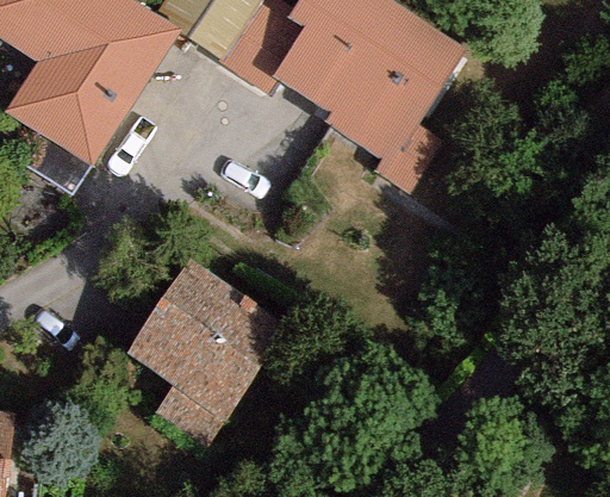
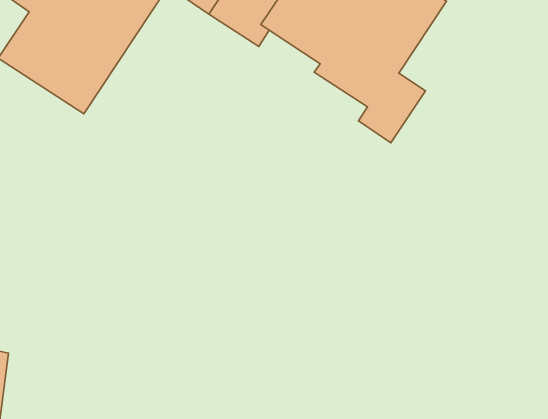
building: [124,256,288,448] -> none

